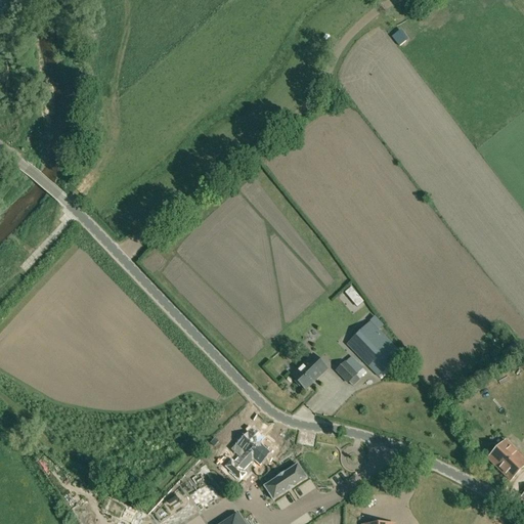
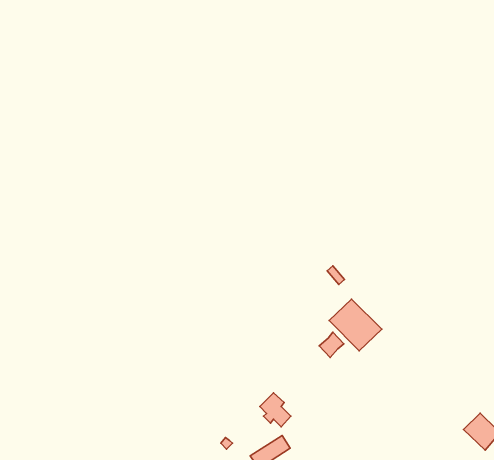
building: [291,353,325,388] -> none
building: [236,428,269,464] -> [260,393,291,427]

